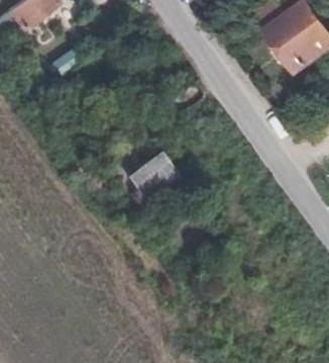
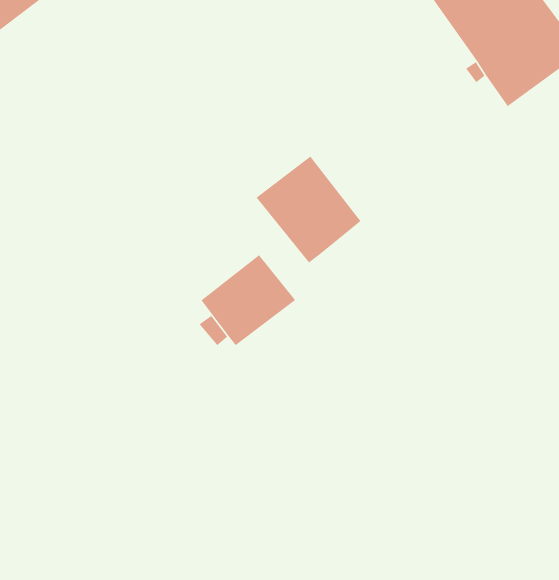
building: none -> [256,156,362,263]

